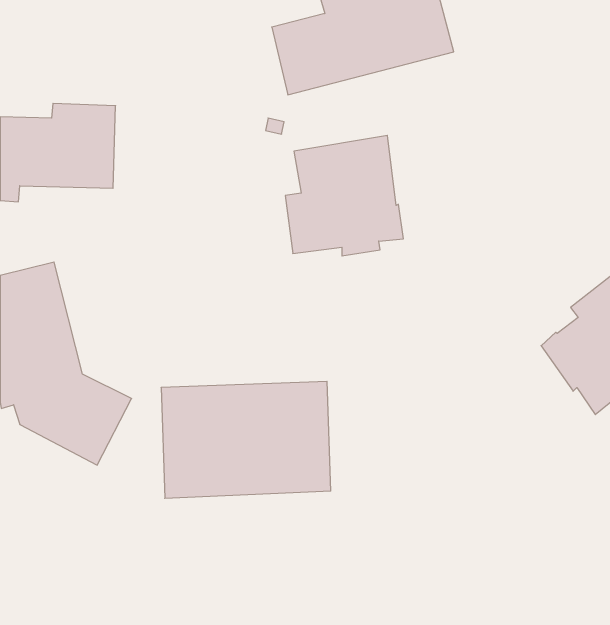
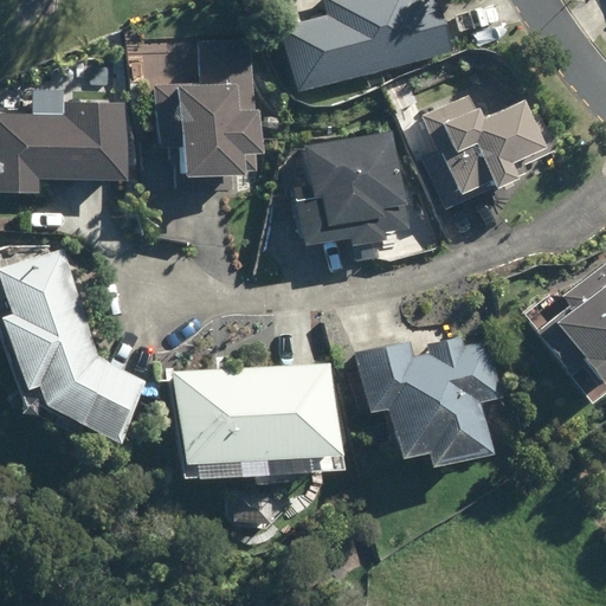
building: none -> [157,38,262,178]
building: none -> [426,94,562,208]
building: none -> [357,336,507,469]

